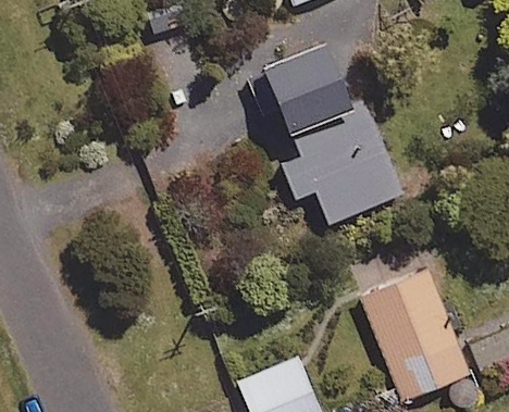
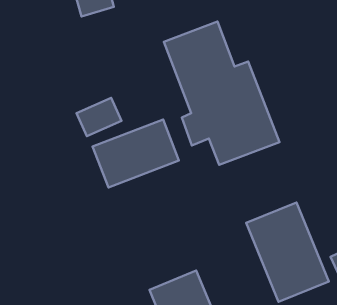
building: none -> [93,119,179,187]

